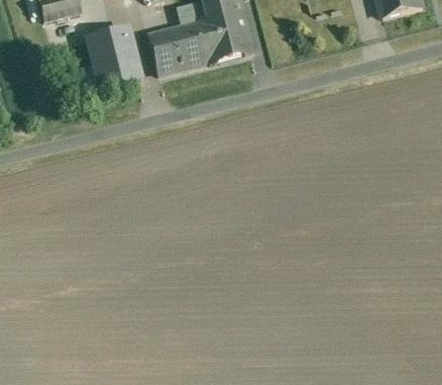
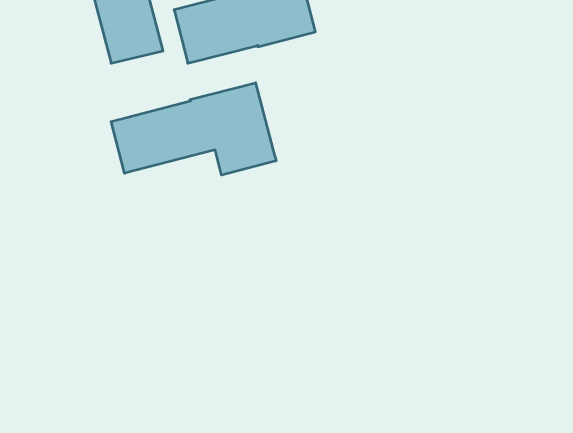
building: none -> [111,83,276,175]

